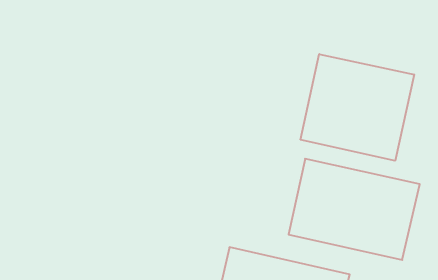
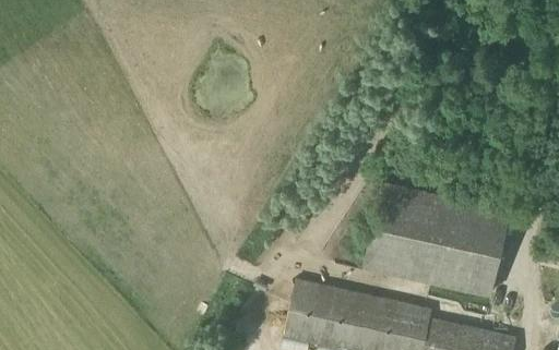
building: [301,54,414,161] -> none

